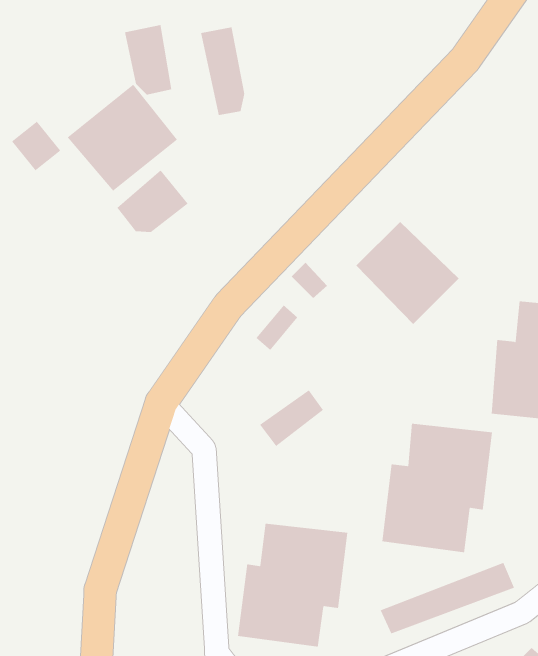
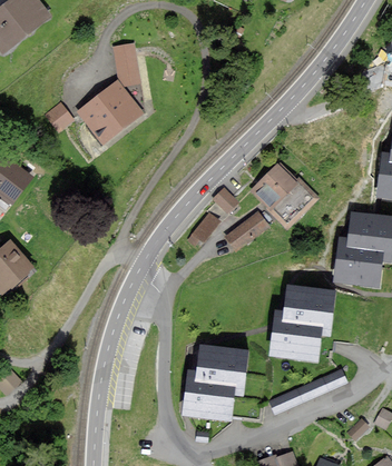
building: [200,26,245,116] -> none
building: [116,169,188,233] -> none
building: [259,389,324,447] -> [227,214,266,248]

